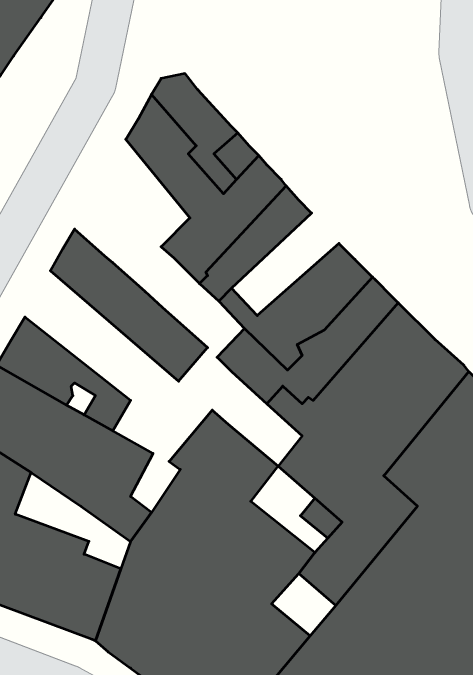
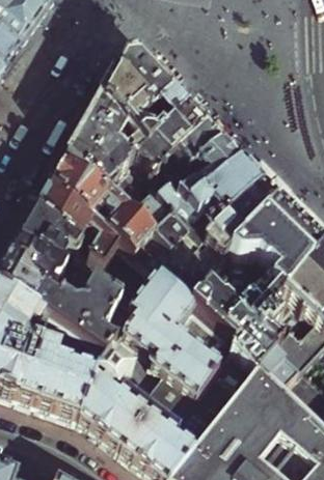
building: none -> [64,93,139,192]
building: none -> [166,141,236,207]
building: none -> [32,178,154,302]
building: none -> [122,180,174,234]
building: none -> [155,244,212,305]

